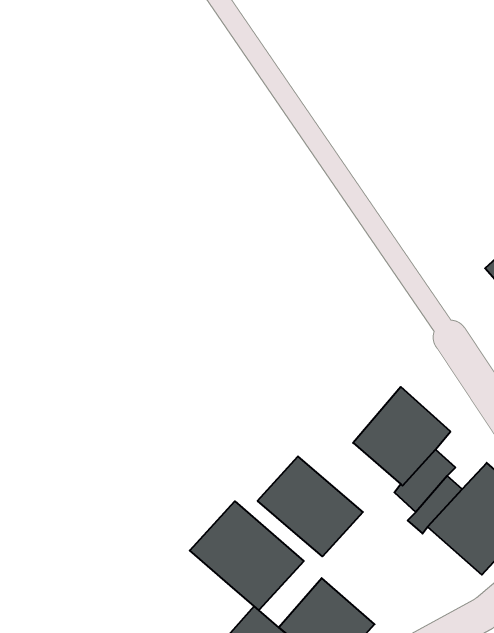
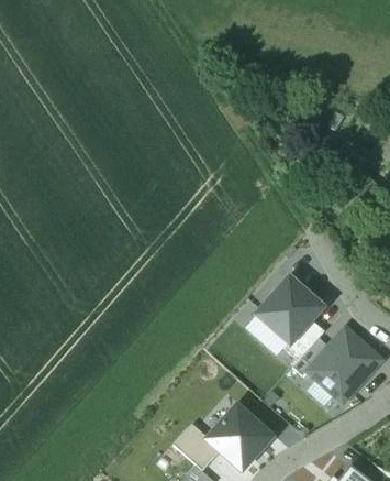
building: [258,456,363,556] -> none
building: [190,501,304,610] -> none

